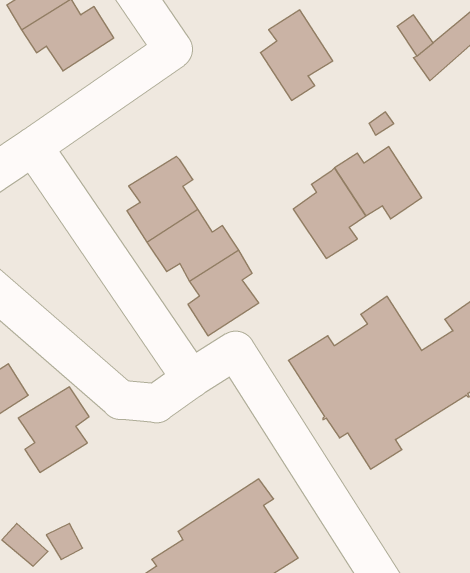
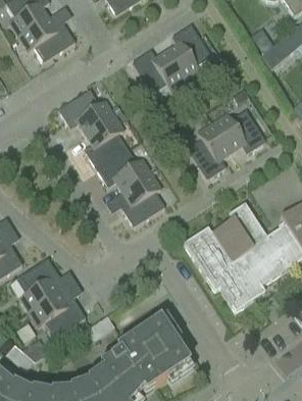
building: none -> [132,49,186,93]
building: none -> [58,88,114,133]
building: none -> [30,292,86,336]

